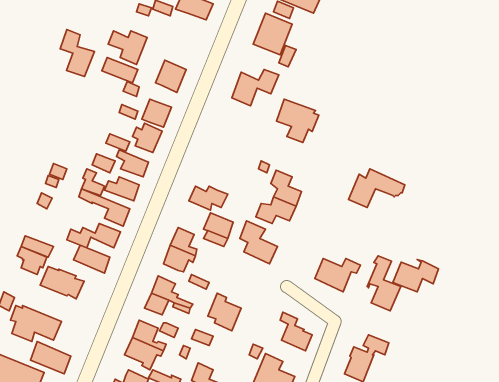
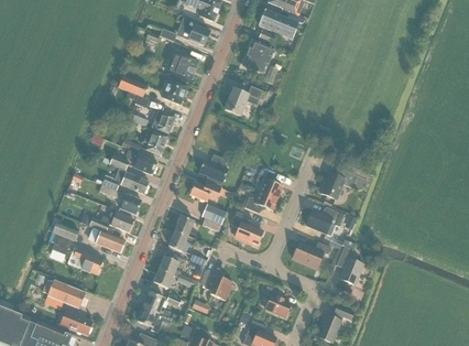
building: [60,29,94,77] -> none
building: [108,31,147,64] -> [165,54,197,82]
building: [276,99,319,143] -> none
building: none -> [198,153,228,184]
building: [393,260,439,292] -> [306,206,343,233]

